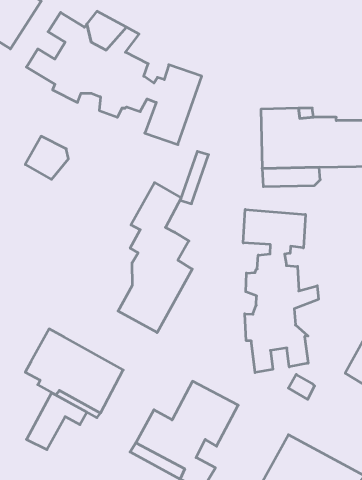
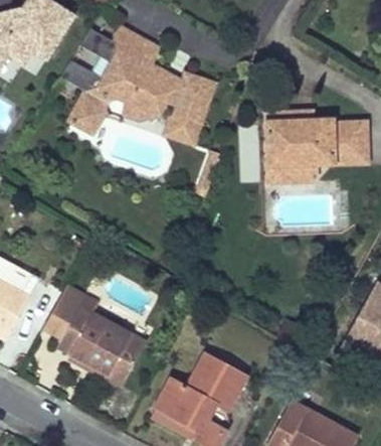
building: [25,136,68,179] -> [68,96,107,134]
building: [118,183,192,333] -> none
building: [243,209,318,373] -> none
building: [26,393,87,450] -> [45,286,99,336]

